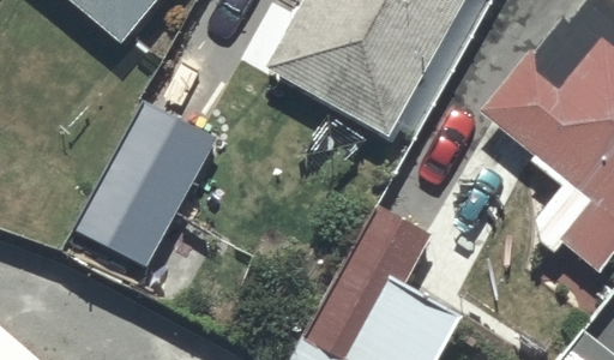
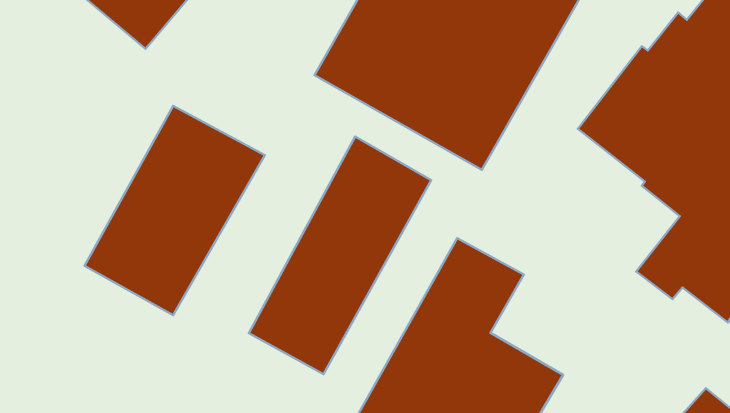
building: none -> [249,137,431,374]

